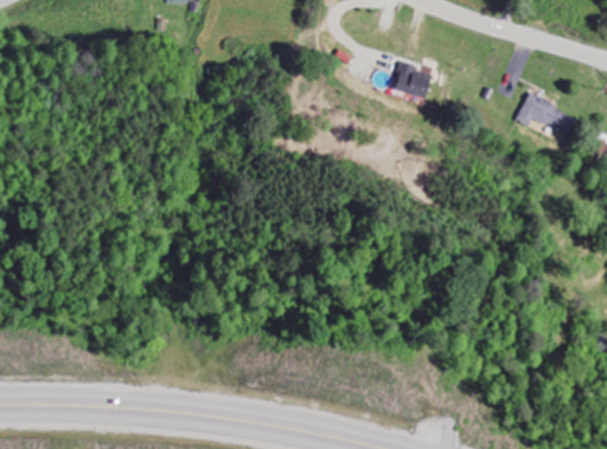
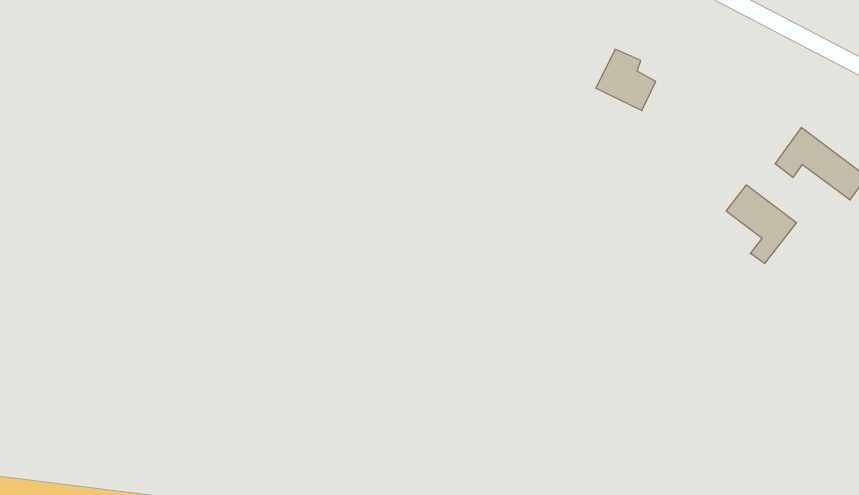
building: none -> [726,185,796,264]

